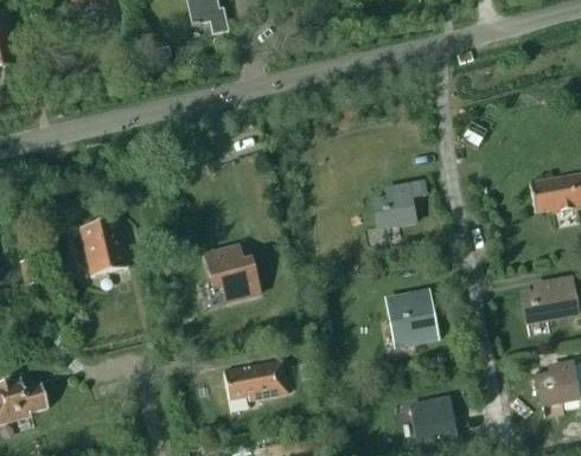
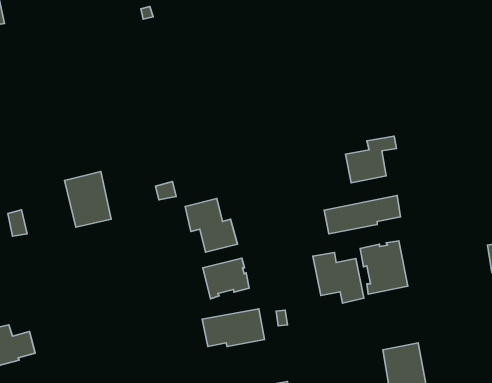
building: none -> [324,195,401,234]
building: none -> [313,253,364,303]
building: none -> [203,258,249,299]

